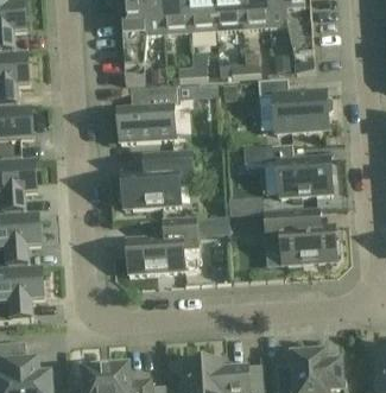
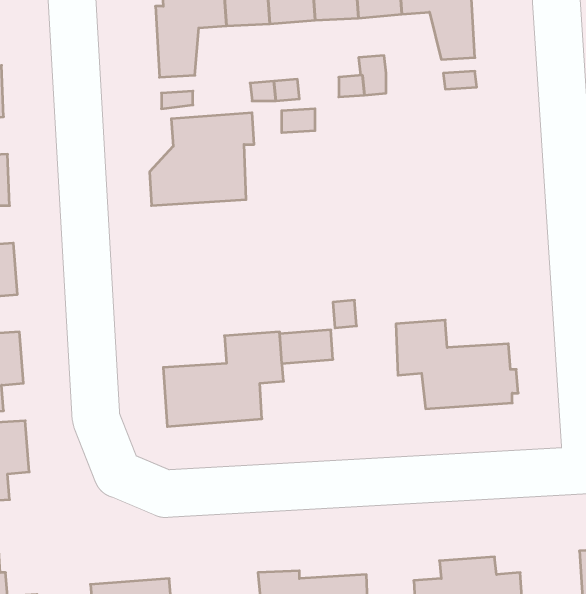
building: [258,77,333,129] -> none
building: [243,142,333,195] -> none
building: [118,150,194,207] -> none

